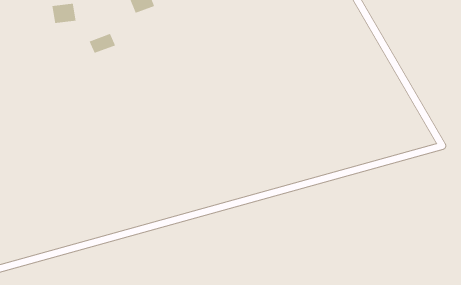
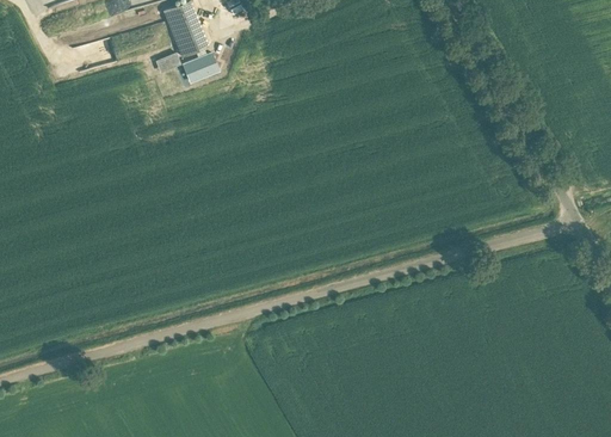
building: [89,33,116,54] -> [181,49,217,76]

